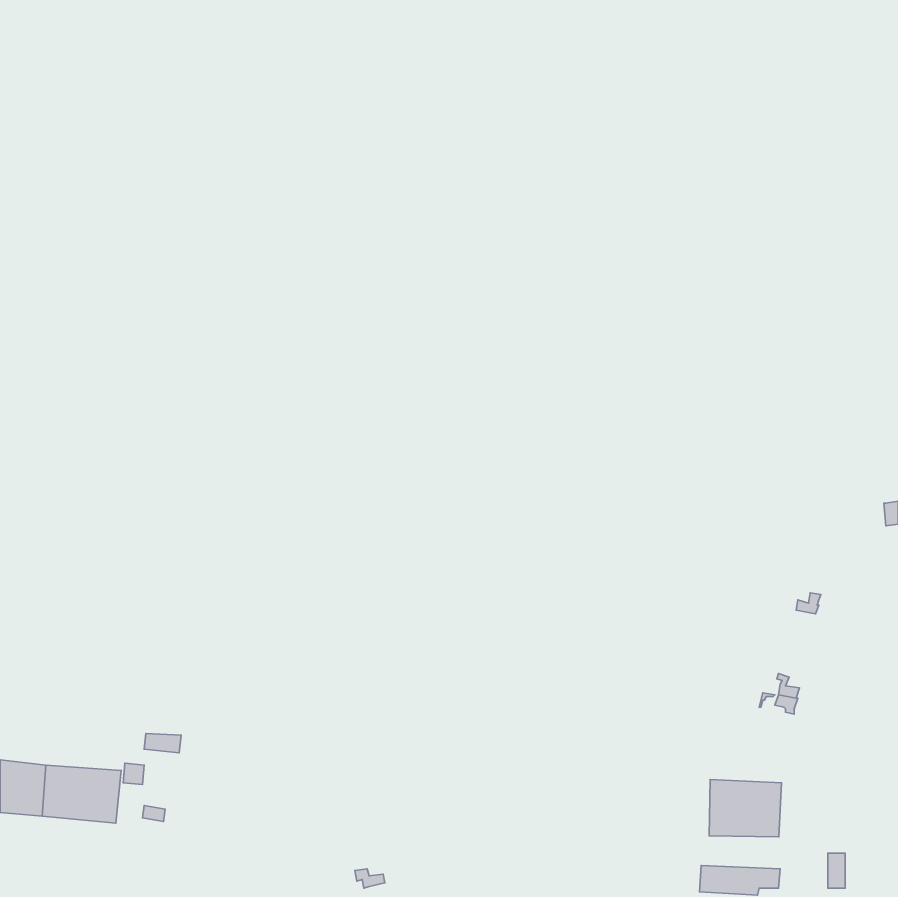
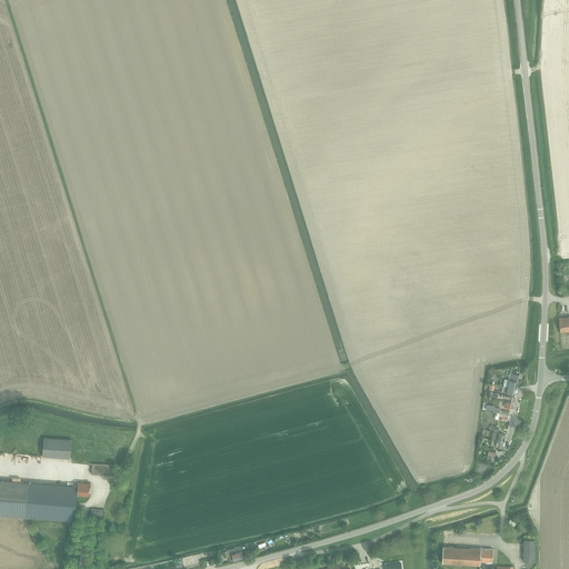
building: none -> [42,439,71,459]
building: [709,780,781,837] -> none

